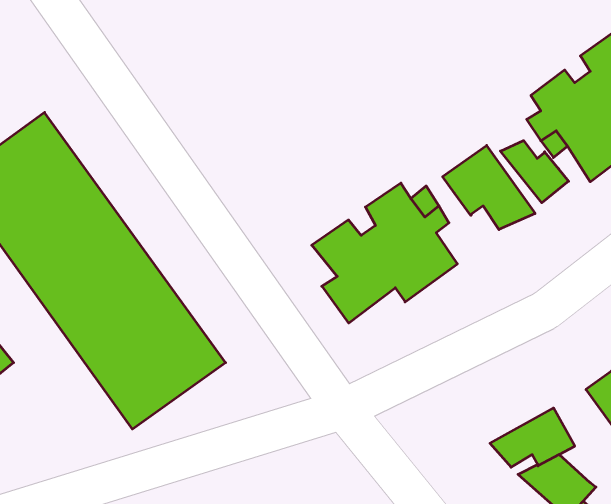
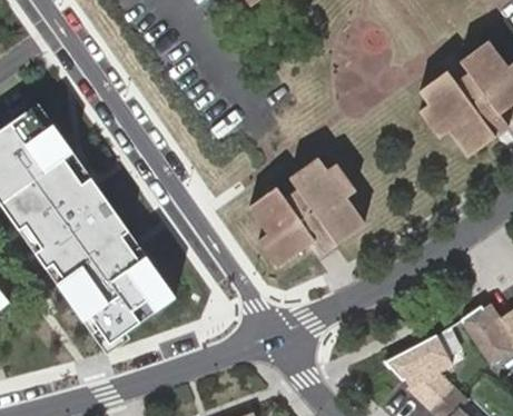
building: [500,141,569,203] -> none
building: [443,145,535,230] -> none

